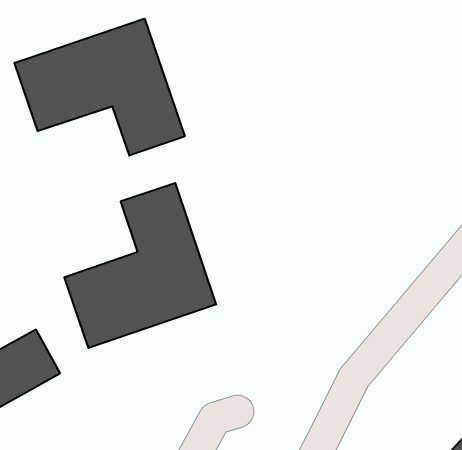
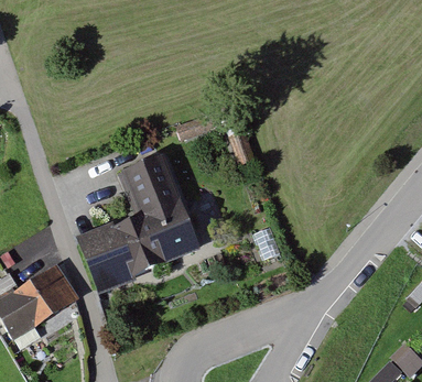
building: [15,19,185,156] -> none

